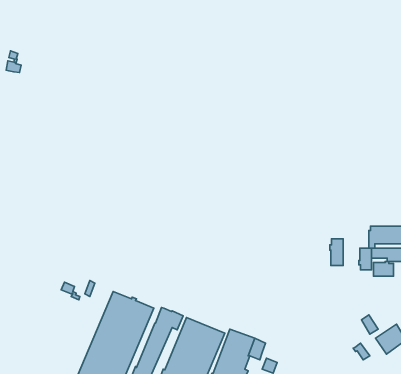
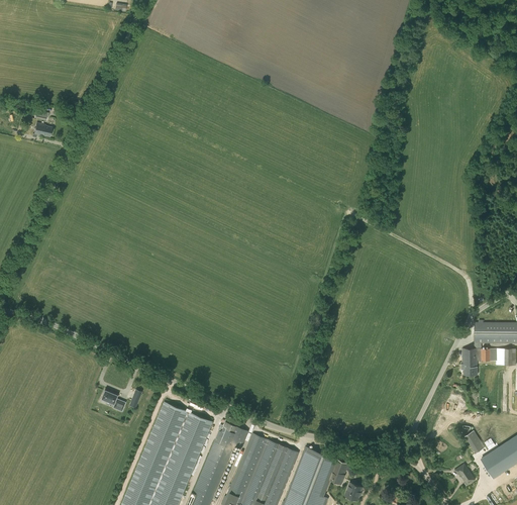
building: [330,239,343,265] -> none
building: [374,262,393,276] -> none

